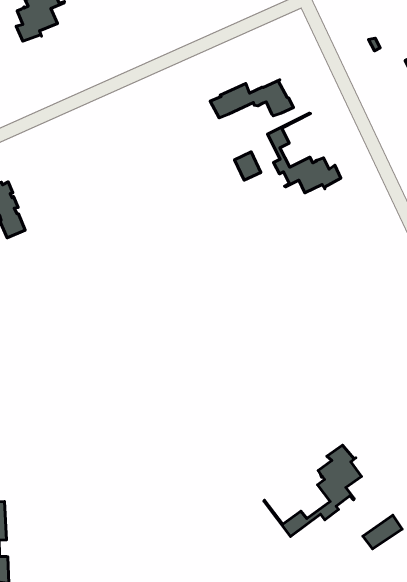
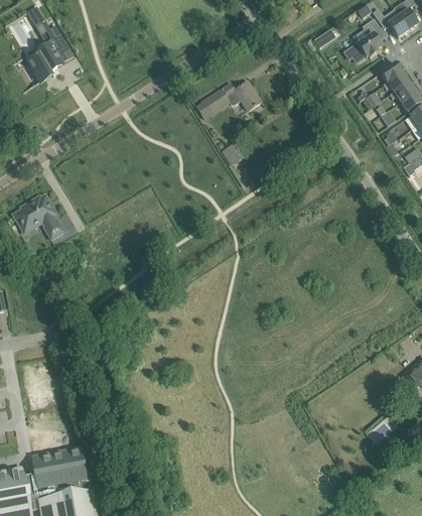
building: [267,113,341,193] -> none
building: [264,445,362,537] -> none

